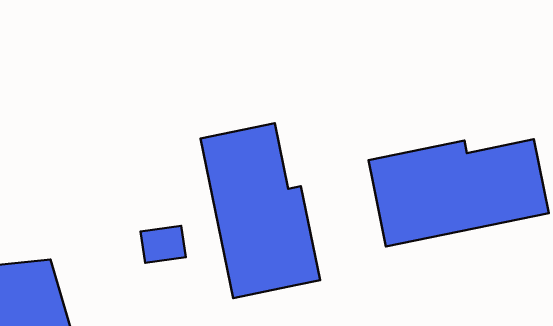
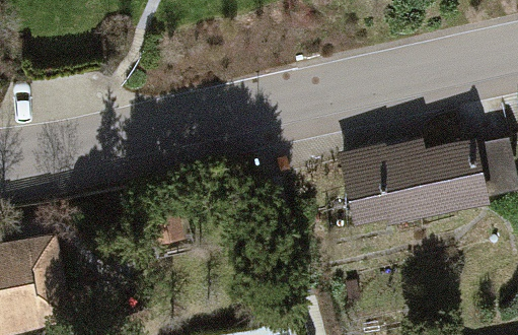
building: [201,123,320,298] -> none

